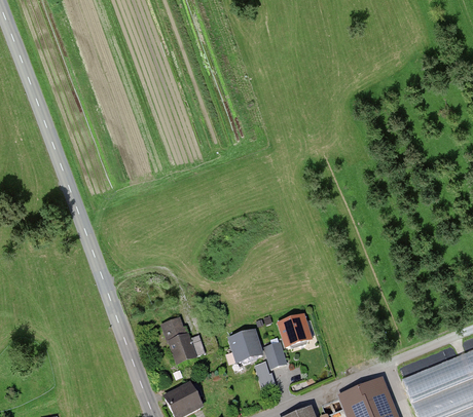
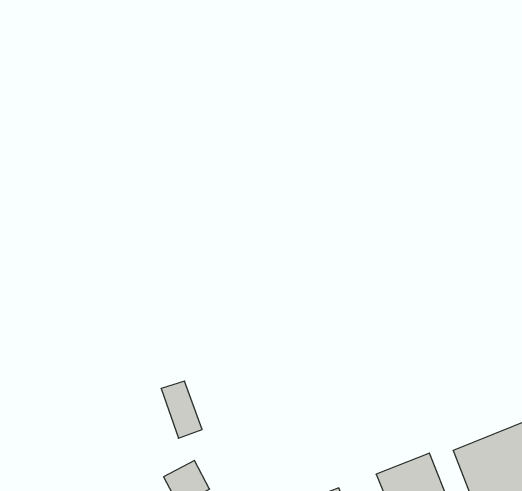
building: [276,312,310,345] -> none
building: [226,327,283,367] -> none

